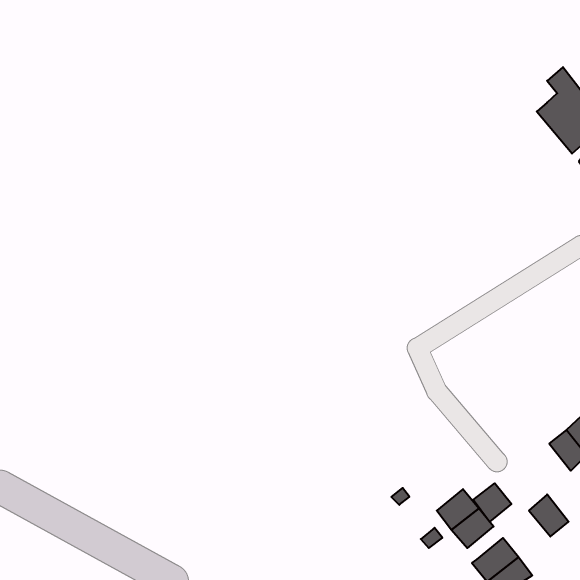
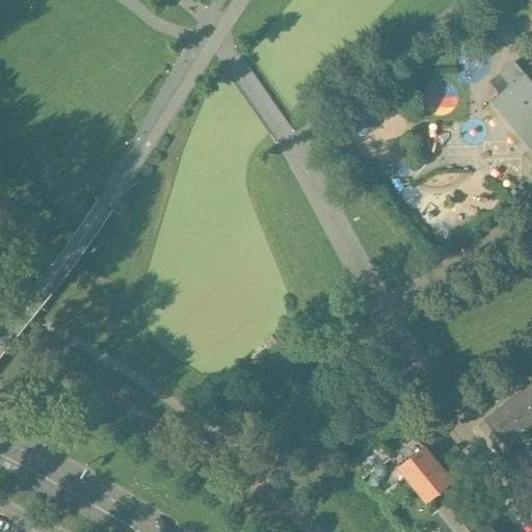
building: [473,483,511,522] -> none
building: [529,494,569,537] -> [486,406,523,445]

